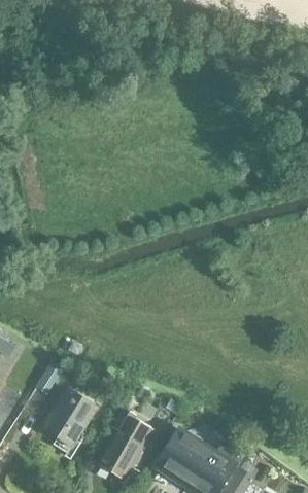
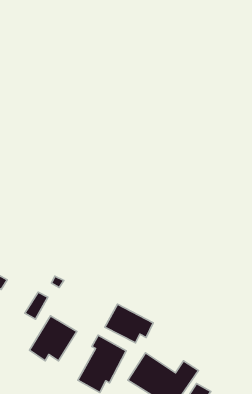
building: none -> [105,304,153,343]

